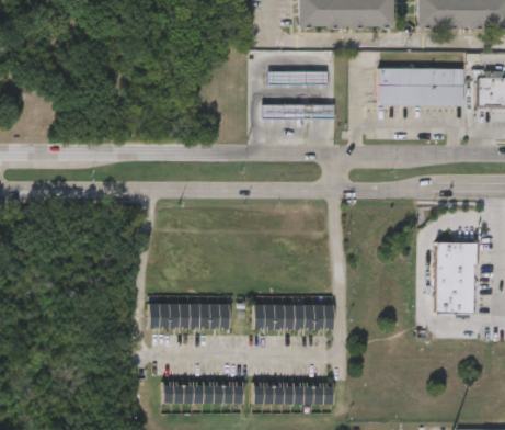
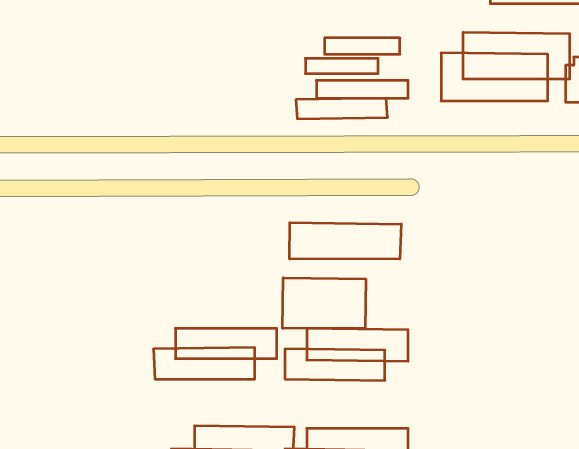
building: none -> [290,223,401,259]
building: [432,246,471,317] -> none
building: none -> [283,278,366,328]

